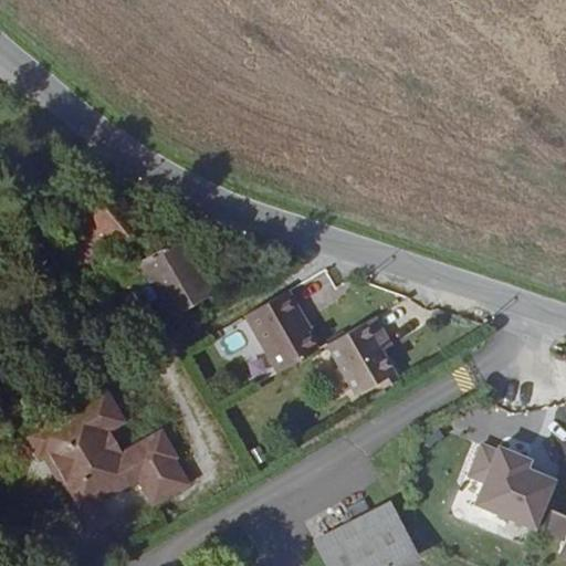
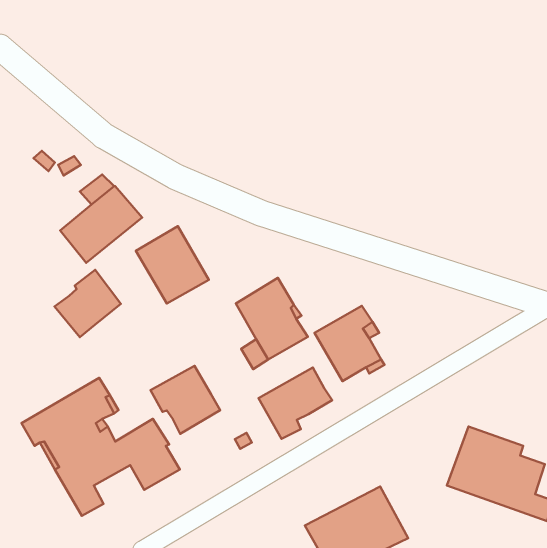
building: none -> [55,270,121,337]
building: none -> [151,366,220,434]
building: none -> [258,367,332,439]

